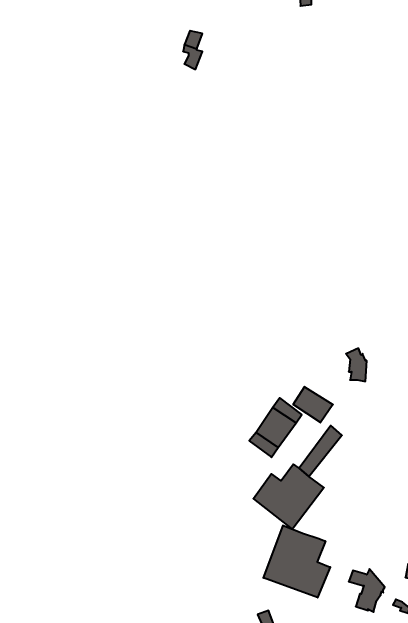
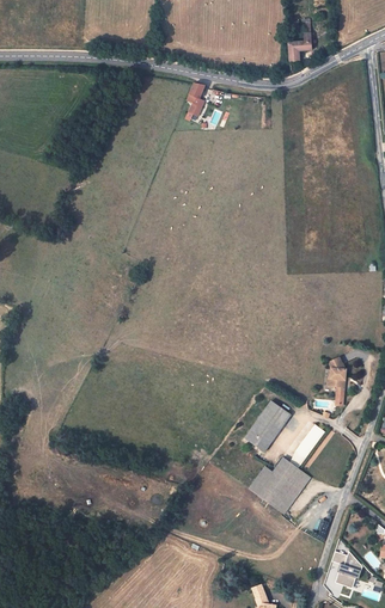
building: [293,387,333,423] -> none
building: [263,525,330,598] -> none

